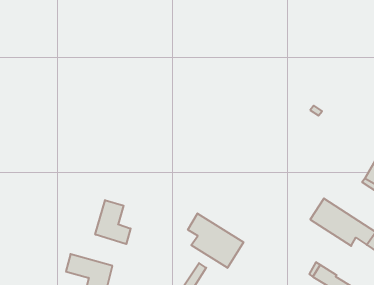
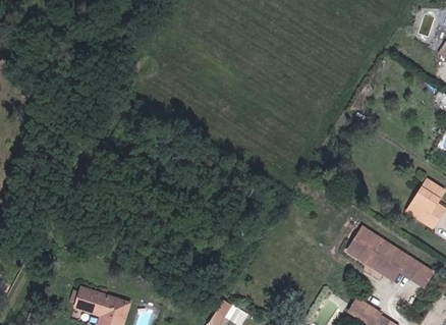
building: [95,200,131,244] -> none
building: [188,213,243,268] -> none

